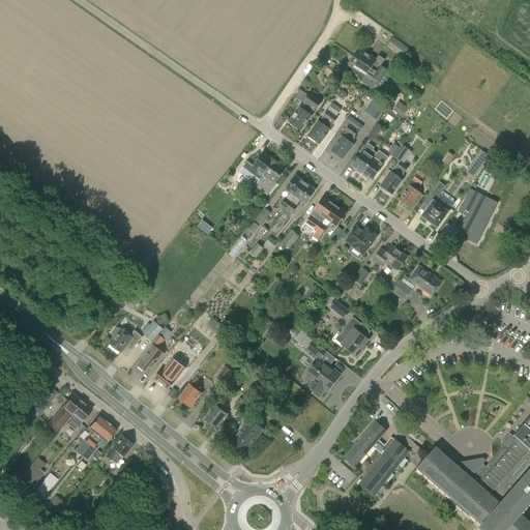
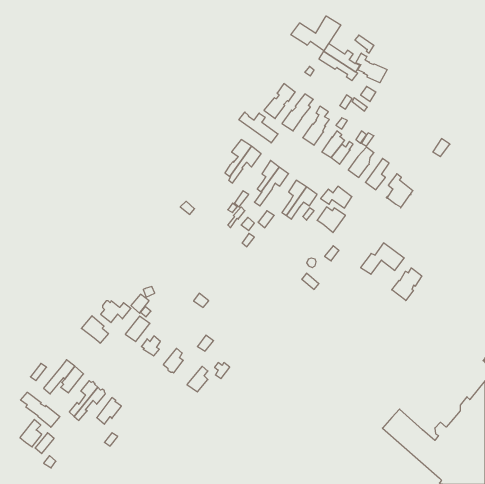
building: none -> [291,16,341,51]
building: none -> [356,53,387,83]
building: none -> [239,112,278,143]
building: [457,188,490,243] -> none
building: [373,245,407,269] -> [321,186,352,208]
building: none -> [392,268,422,301]
building: [332,317,371,354] -> none
building: [305,340,341,396] -> none
building: none -> [81,316,108,343]
building: [232,418,263,451] -> none
building: [345,420,408,495] -> none
building: none -> [21,392,60,427]

